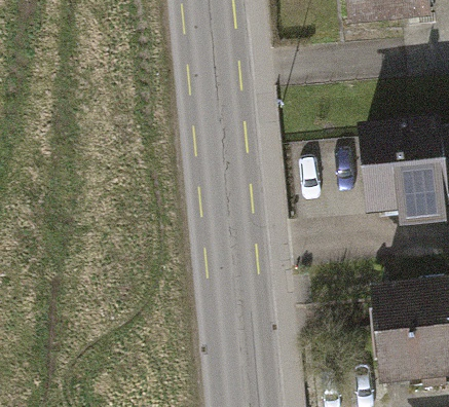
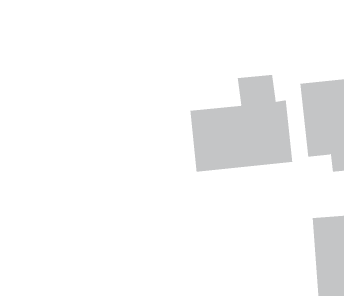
building: none -> [190,74,293,173]

